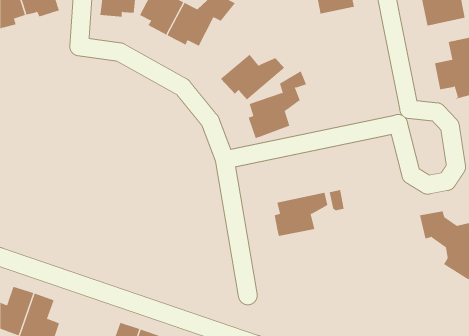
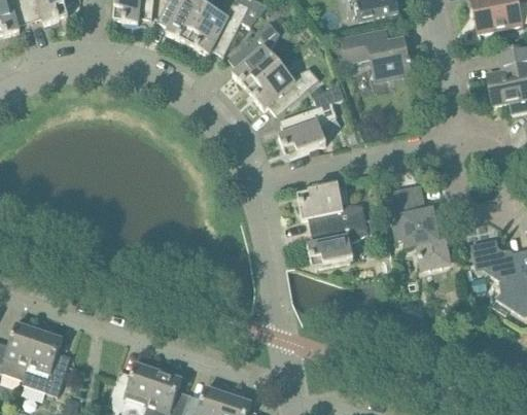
building: none -> [229,21,281,91]
building: none -> [342,29,411,79]
building: none -> [297,184,365,229]
building: none -> [389,186,449,267]

